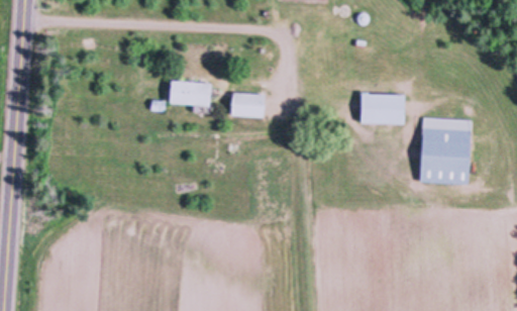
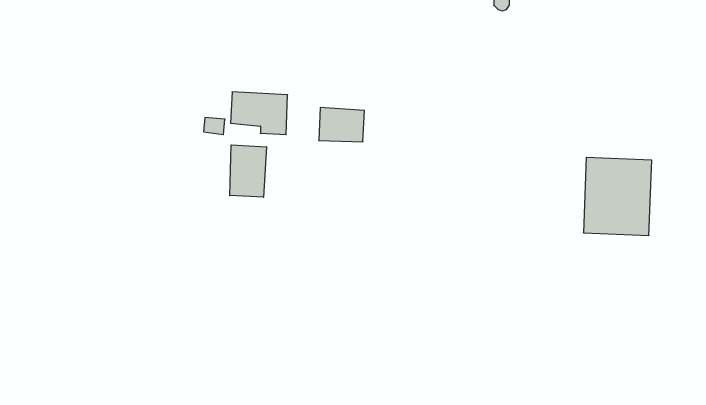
building: [360,93,404,123] -> none
building: none -> [230,145,266,197]

